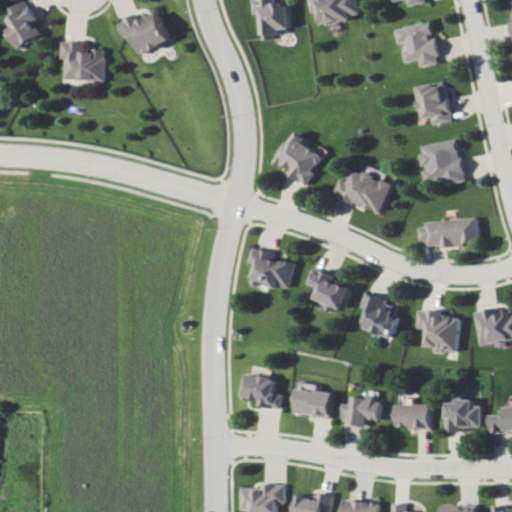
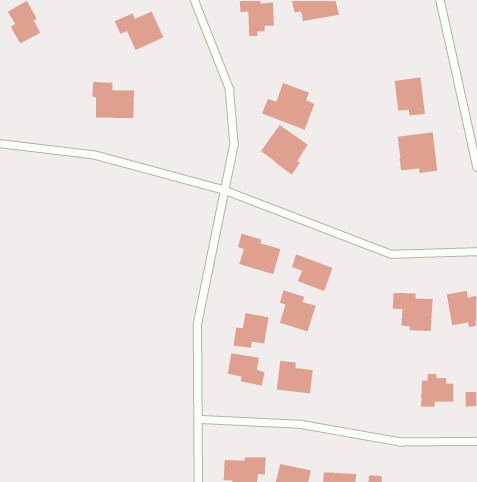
building: [394,22,440,67] -> none
building: [63,41,109,81] -> [92,81,135,119]
building: [335,161,393,213] -> [261,82,316,131]
building: [417,218,478,248] -> none
building: [360,292,400,338] -> [279,289,317,333]
building: none -> [232,312,269,348]
building: [340,396,382,428] -> none
building: [394,404,432,429] -> none

